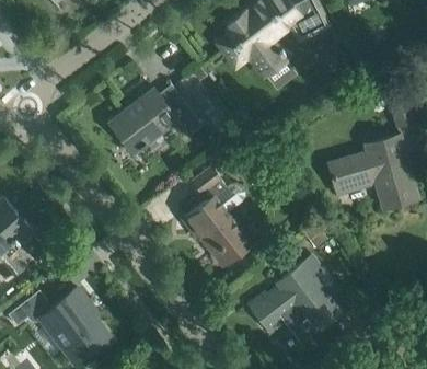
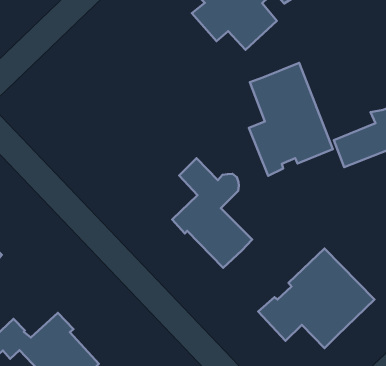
building: [109,88,203,153] -> none
building: none -> [249,63,333,176]

